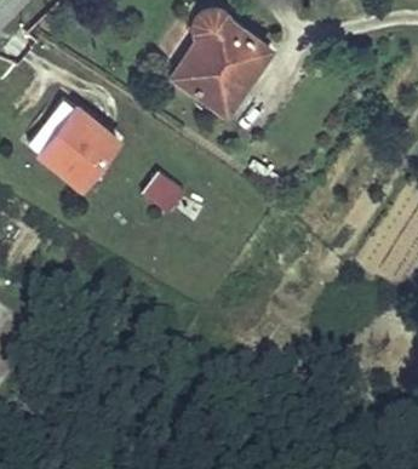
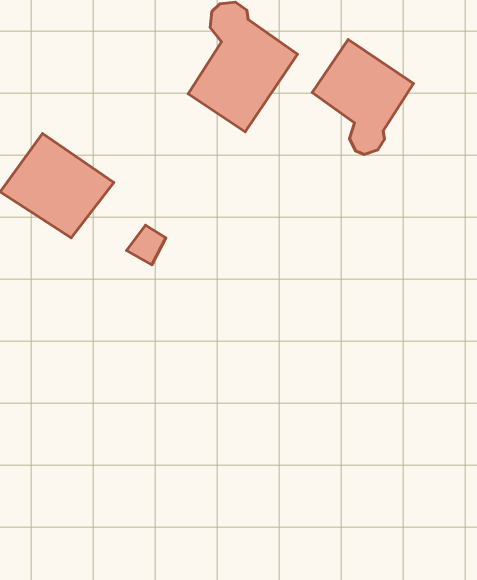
building: none -> [312,40,413,154]

